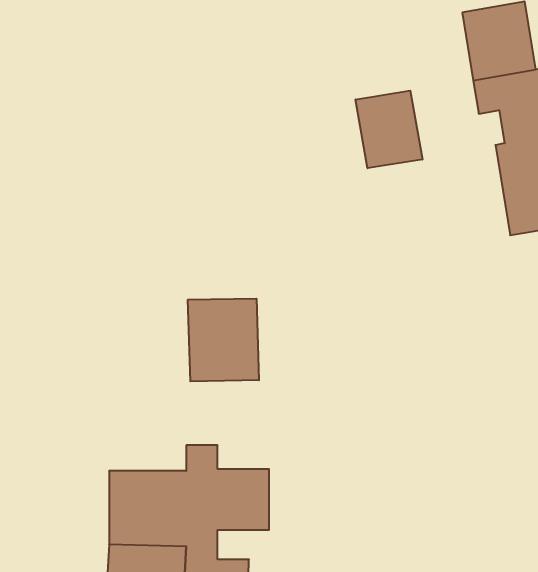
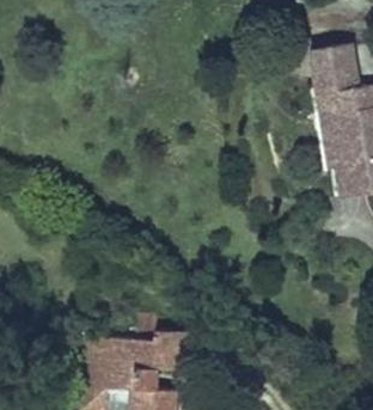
building: [356,91,422,168] -> none
building: [188,299,259,381] -> none

